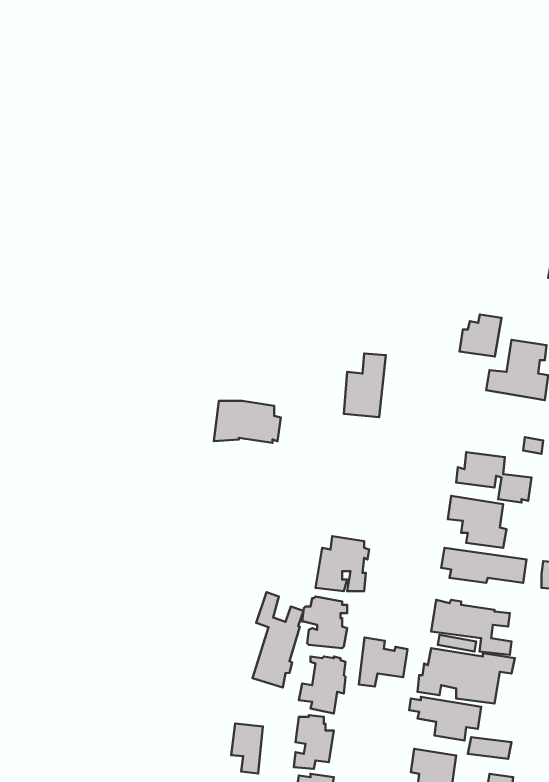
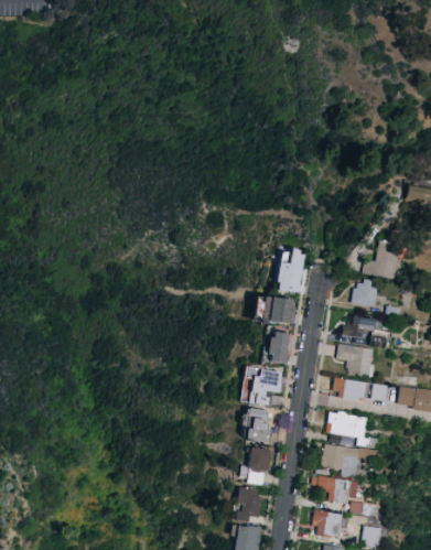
building: [460,315,501,356] -> [352,278,379,305]
building: [214,401,281,443] -> [254,298,298,325]
building: none -> [268,332,290,364]
building: [252,592,303,687] -> none
building: [359,638,408,687] -> none
building: [231,723,263,774] -> none

